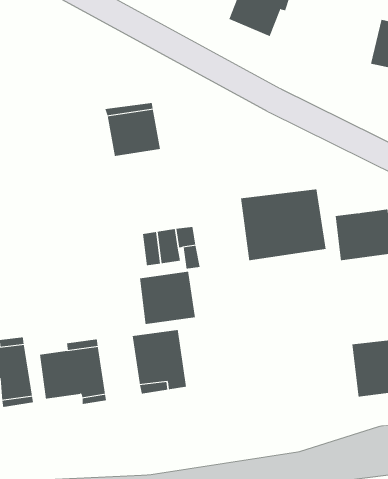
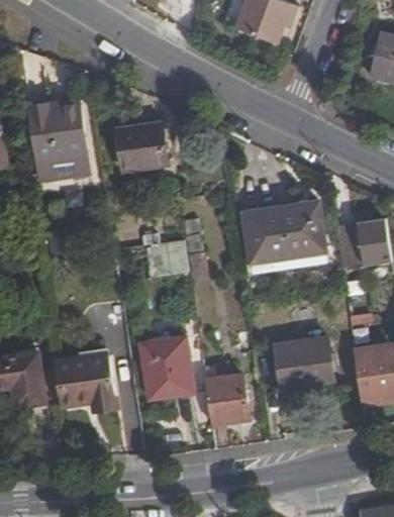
building: none -> [27,102,89,184]
building: [140,271,195,325] -> none
building: none -> [274,332,331,390]
building: none -> [204,374,248,423]

